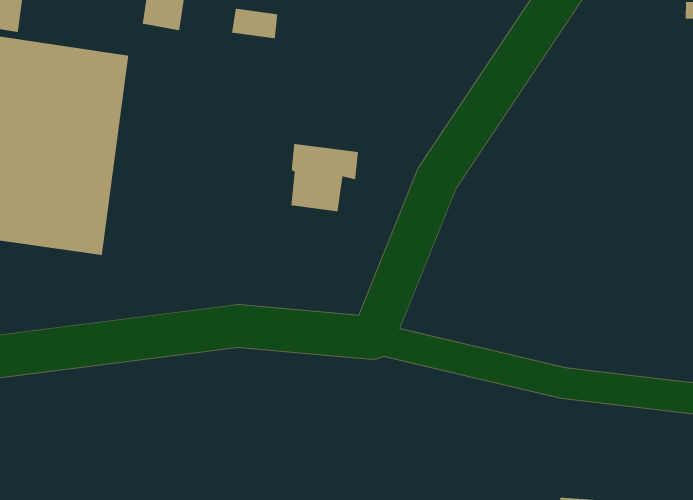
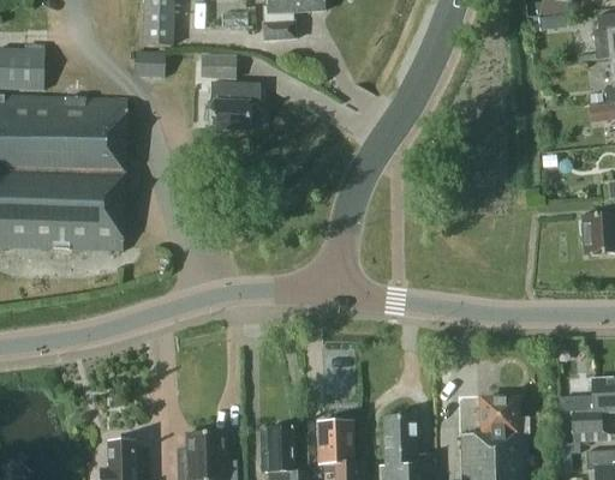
building: [290,143,359,212] -> [211,80,261,128]

